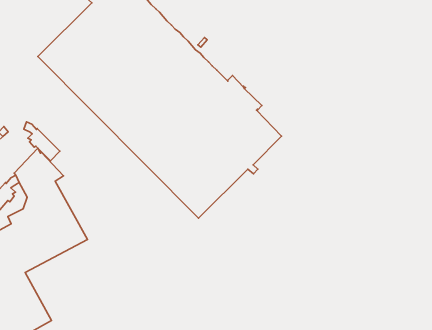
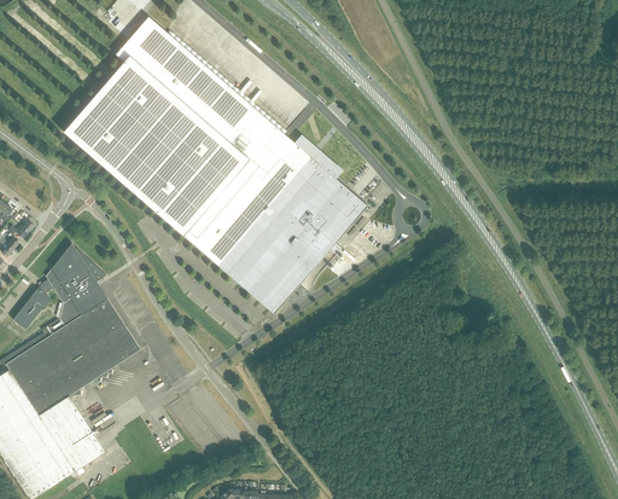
building: [24,122,60,161] -> none

